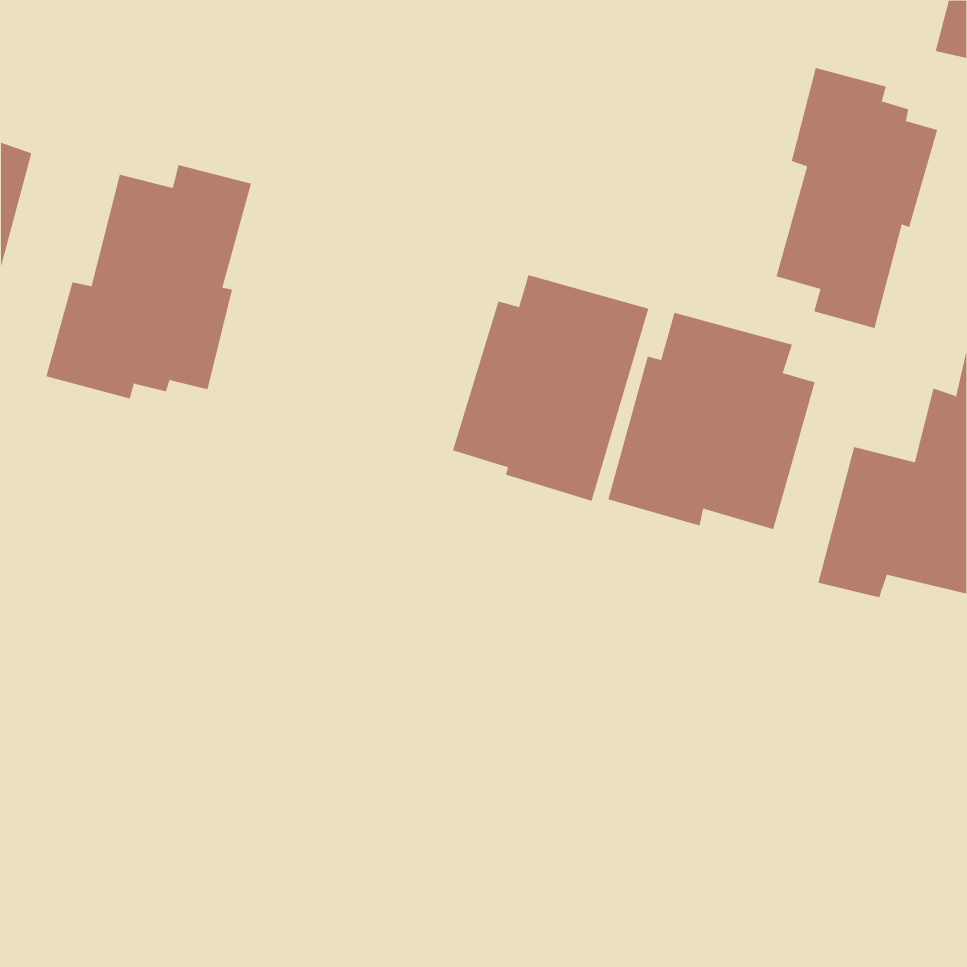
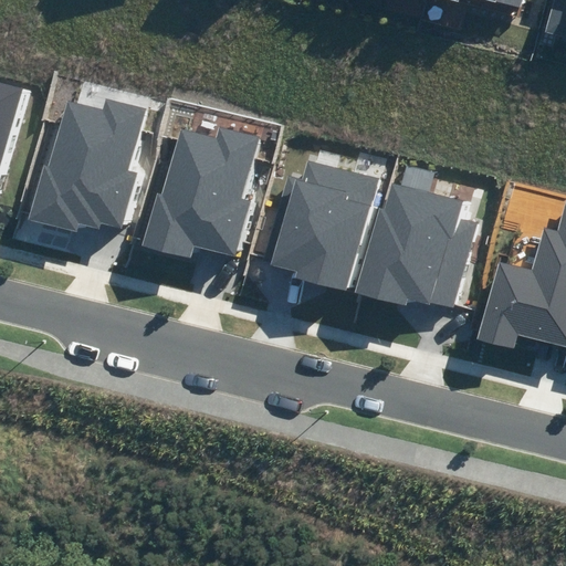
building: [776,67,938,329] -> none
building: none -> [142,128,258,260]

